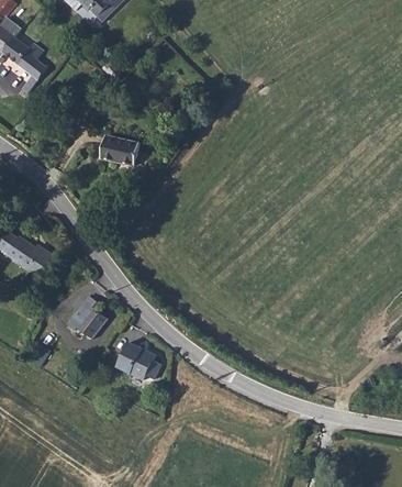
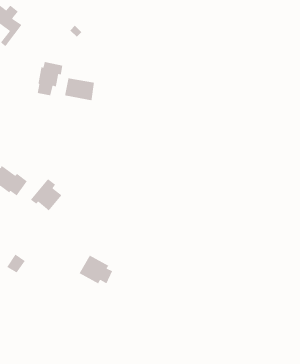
building: none -> [37,61,63,96]
building: [70,301,110,342] -> [30,178,63,212]

